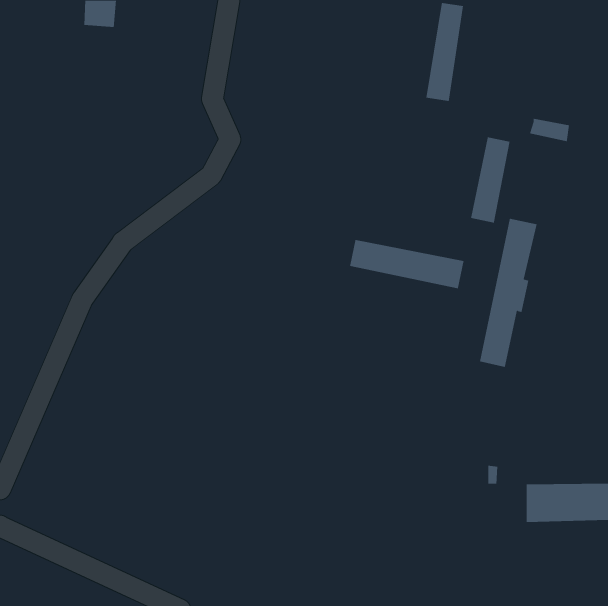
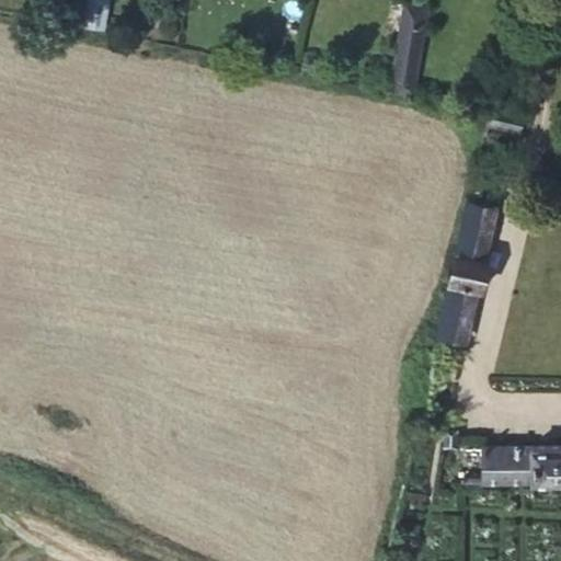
building: [470,137,510,224] -> none
building: [350,239,464,289] -> none

